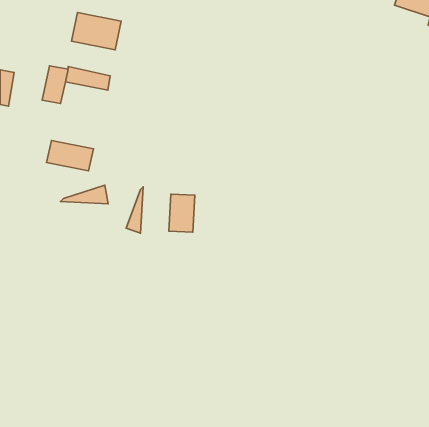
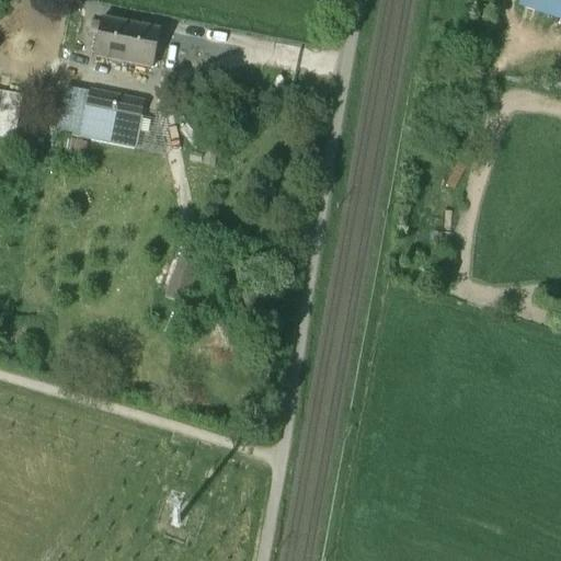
building: [46,141,94,171] -> [80,106,141,146]
building: [60,185,108,204] -> none
building: [169,194,195,232] -> none

